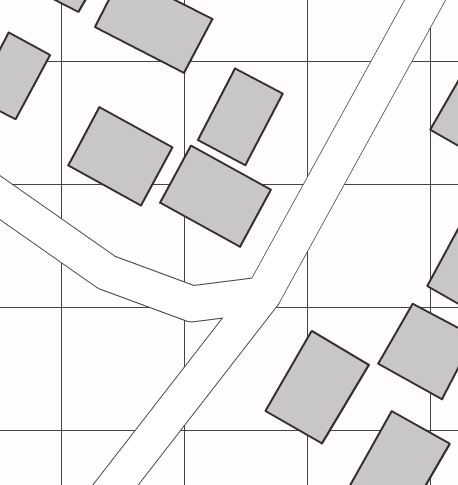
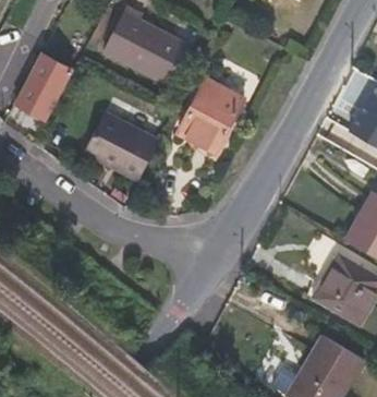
building: [160,146,271,247] -> none
building: [266,331,369,444] -> none

